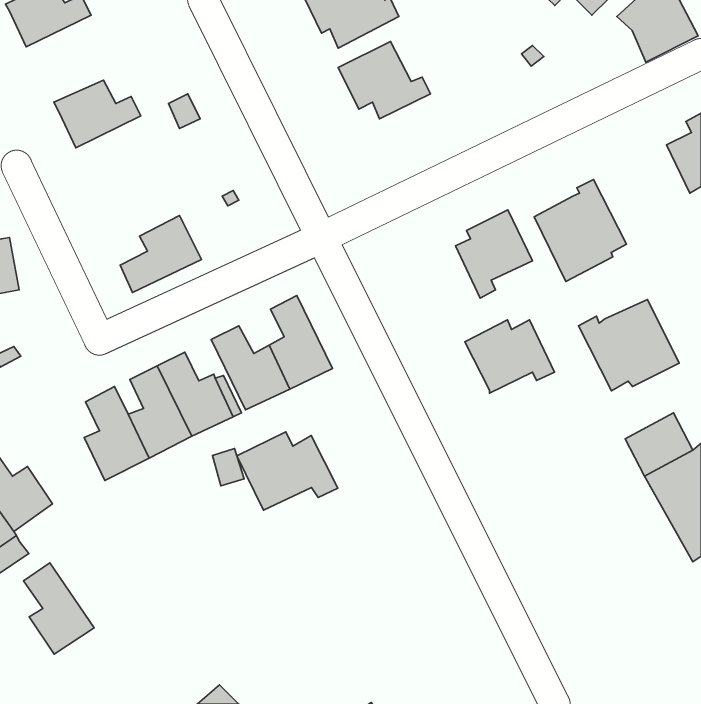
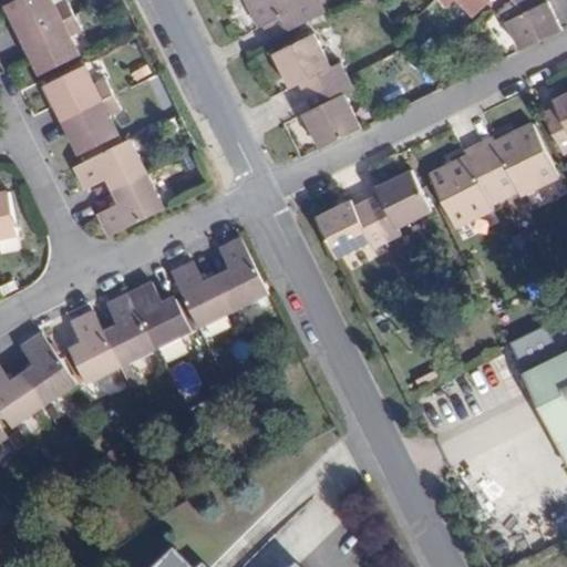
building: none -> [21,12,82,73]
building: none -> [301,75,361,148]
building: none -> [61,93,121,153]
building: none -> [73,138,144,189]
building: [579,300,679,391] -> [476,123,557,196]
building: [465,320,554,393] -> [313,197,385,256]
building: [237,432,338,510] -> none
building: [24,563,94,654] -> [18,331,74,404]

